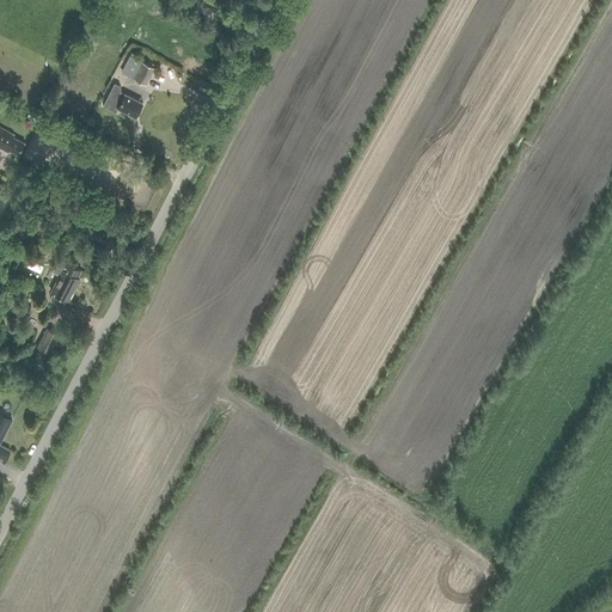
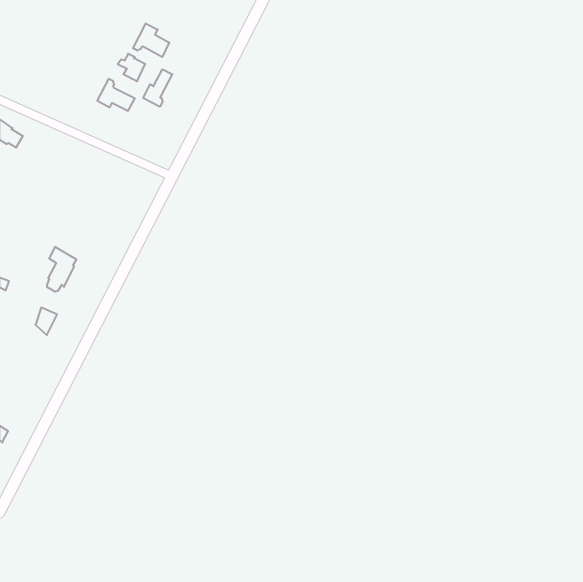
building: none -> [133,23,169,57]
building: none -> [143,69,172,107]

